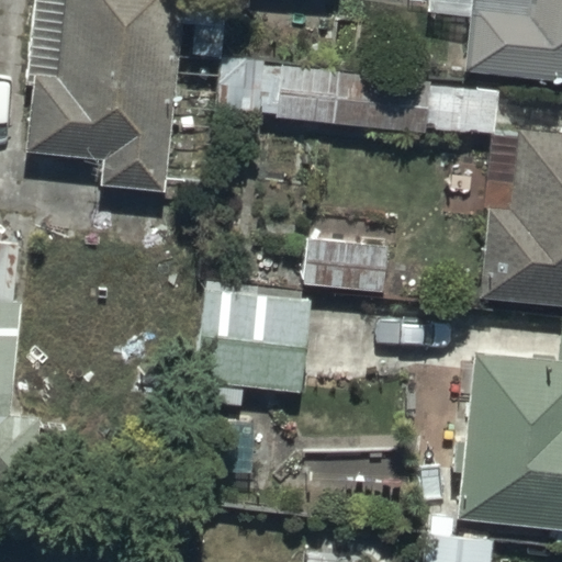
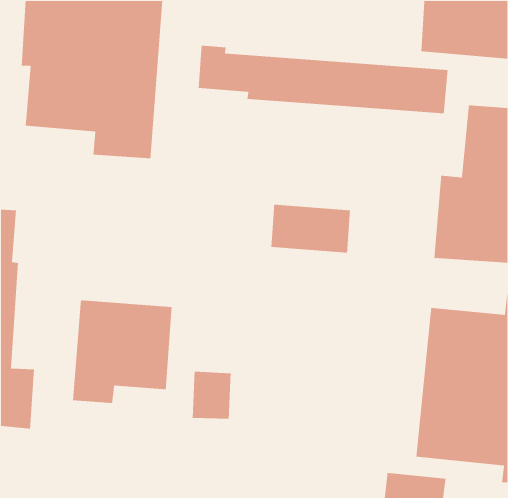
building: [199,292,310,407] -> [72,300,173,404]

